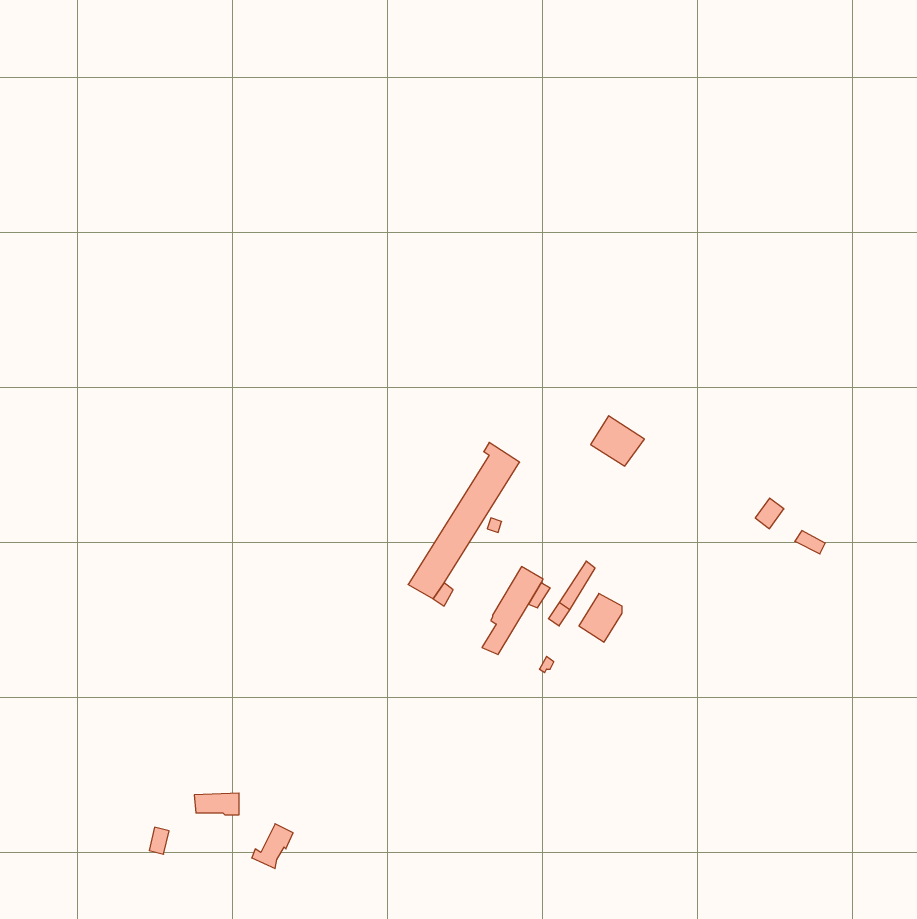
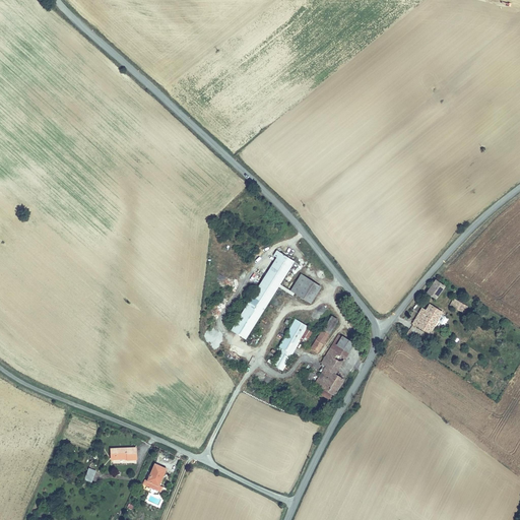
building: [591,416,644,466] -> [289,274,320,303]
building: none -> [412,305,442,334]
building: none -> [316,353,343,399]

